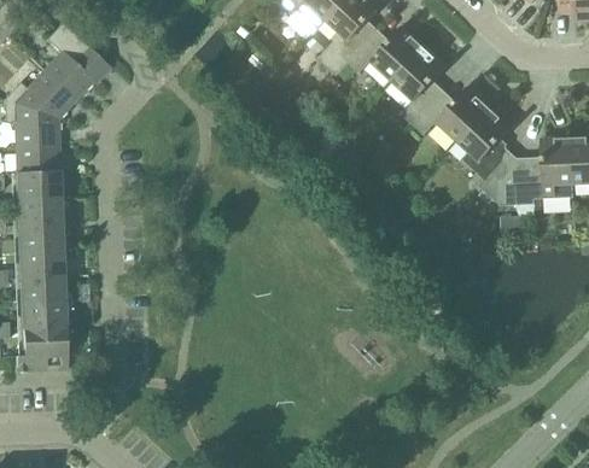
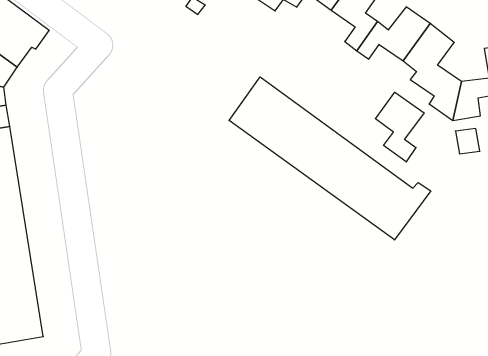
building: none -> [229,77,431,240]
building: none -> [375,92,424,162]

